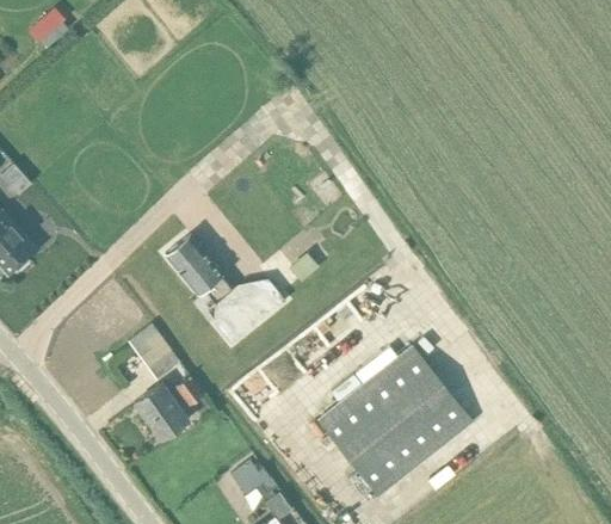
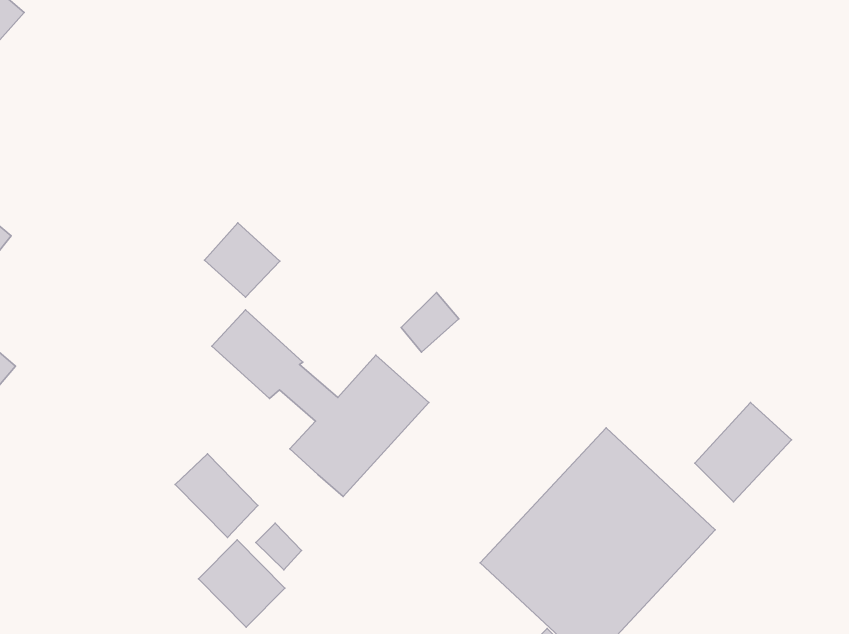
building: none -> [204,223,280,297]
building: none -> [695,403,792,502]

